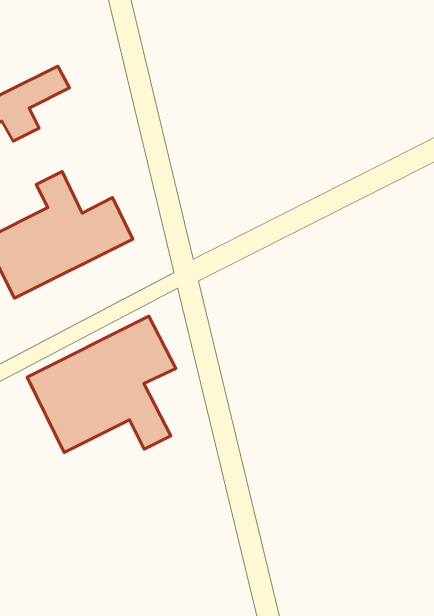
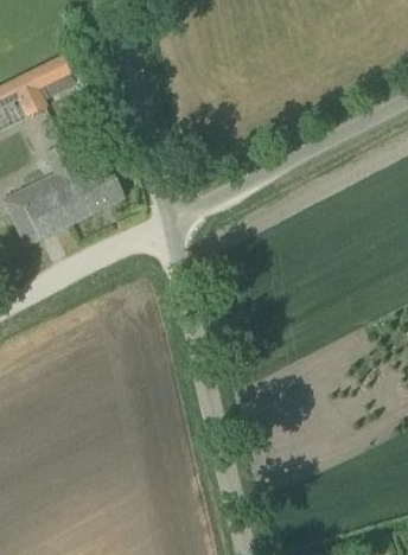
building: [27,316,176,453] -> none

